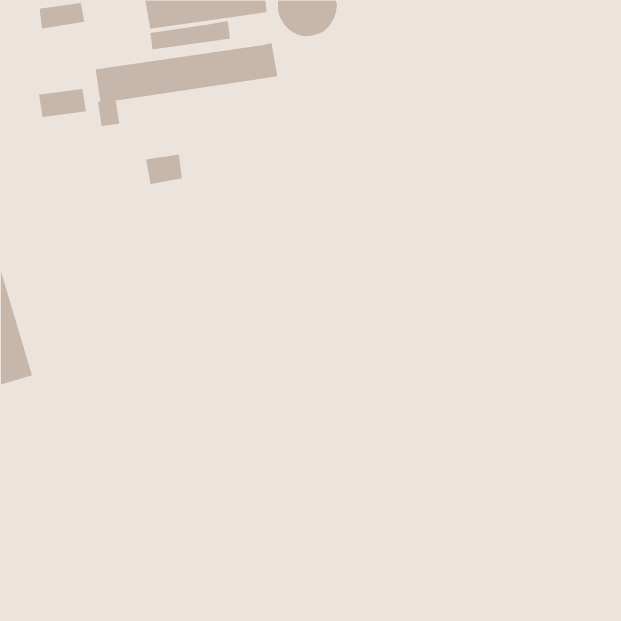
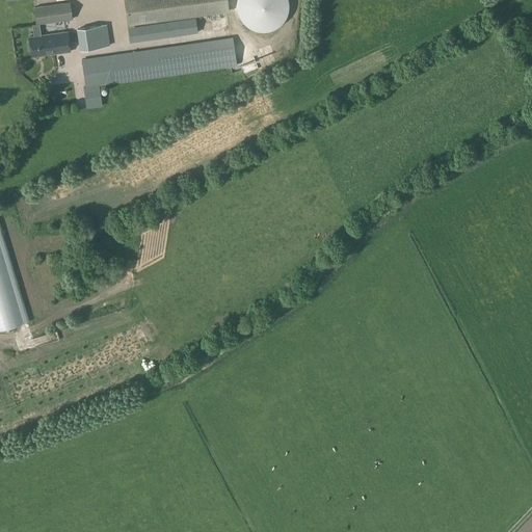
building: none -> [77,24,110,50]
building: [38,88,87,118] -> [28,32,70,57]
building: [146,154,183,185] -> none

